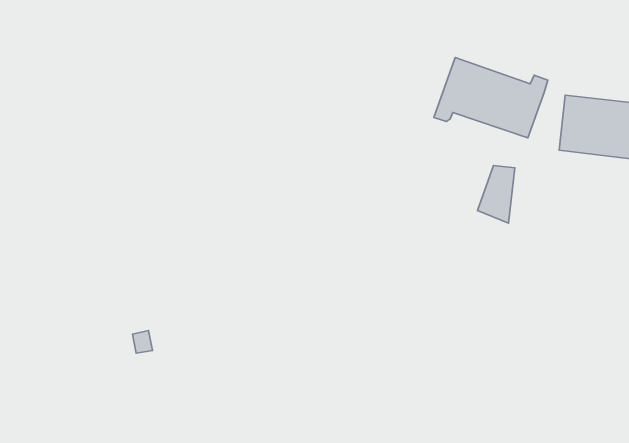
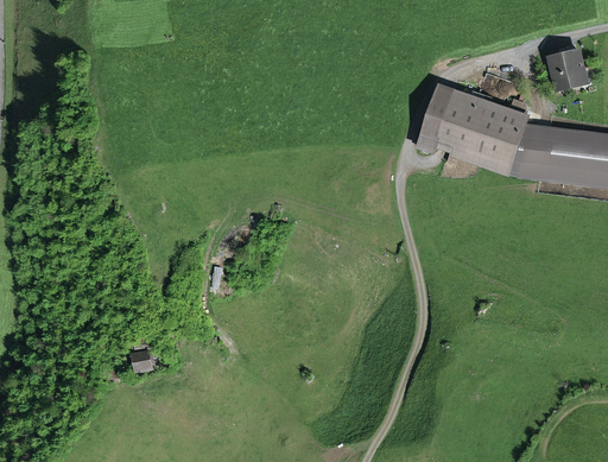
building: none -> [546,49,596,84]
building: [477,165,515,223] -> [507,124,543,178]

